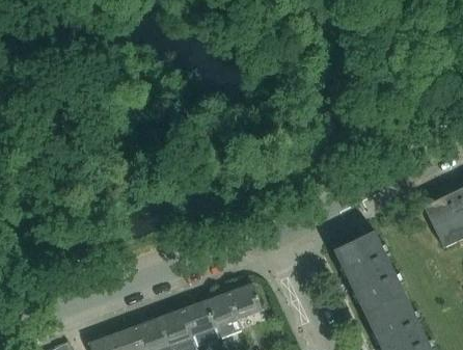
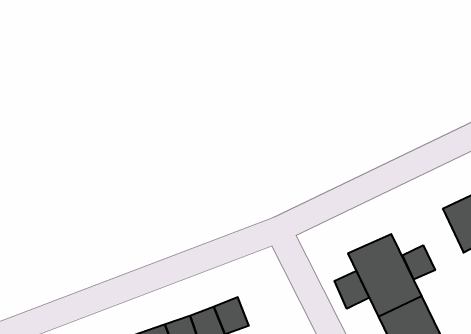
building: none -> [402,245,435,279]
building: none -> [334,271,369,309]
building: [229,285,264,320] -> none

